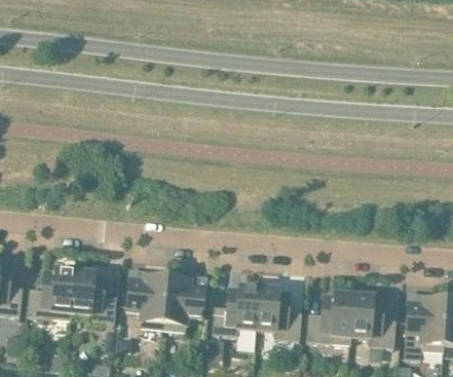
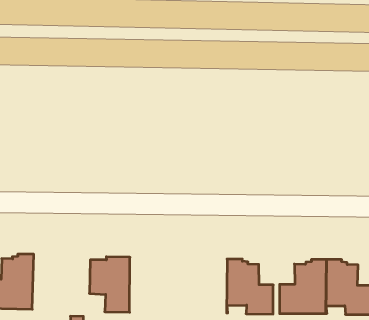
building: [70,267,116,324] -> none
building: [162,276,204,331] -> none
building: [211,284,259,336] -> none

